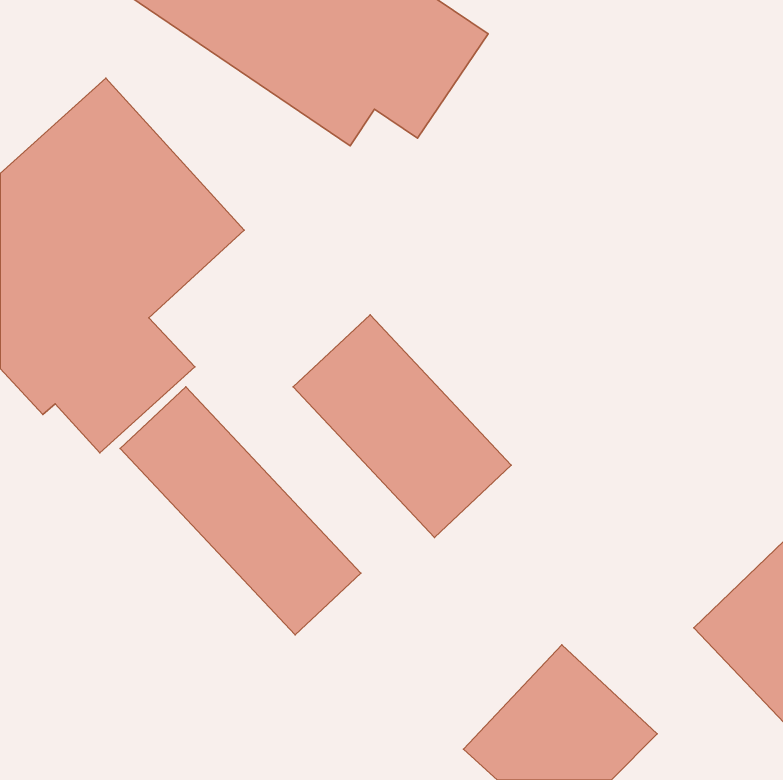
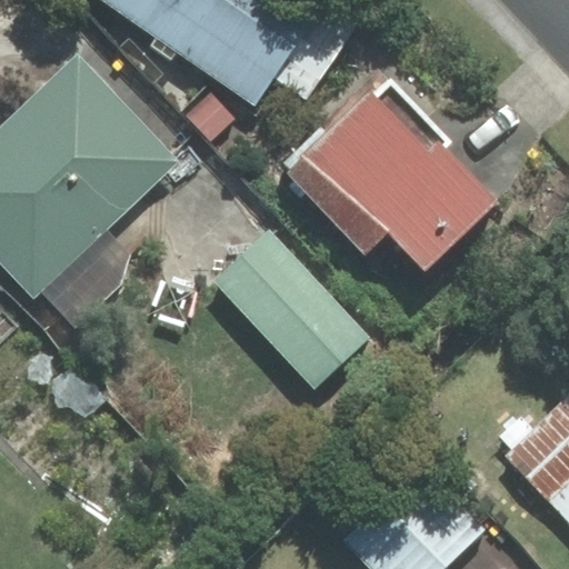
building: none -> [283,92,495,271]
building: [120,387,361,635] -> none

